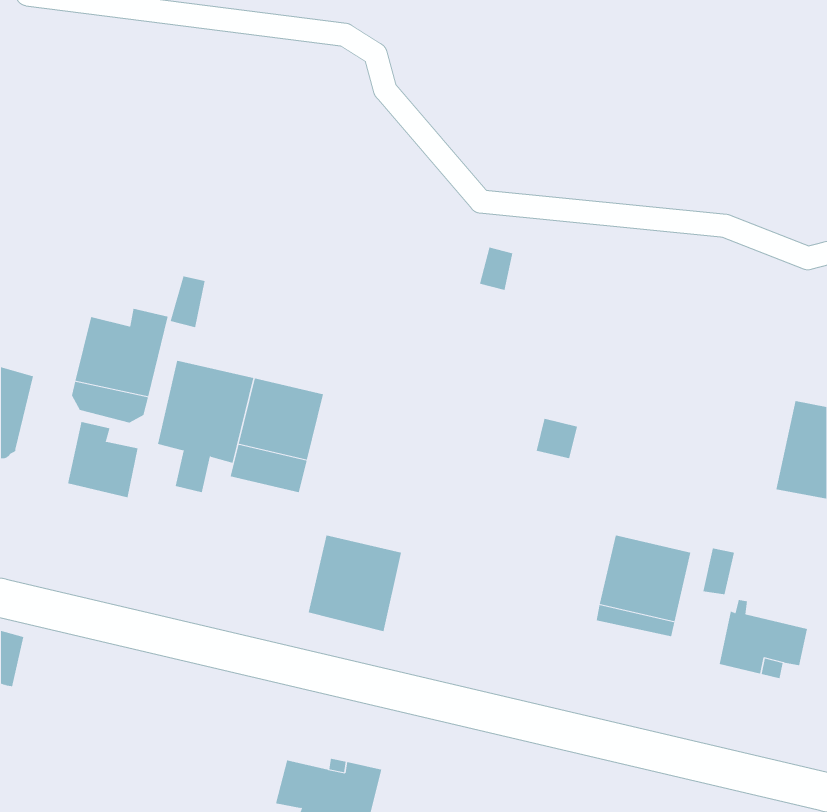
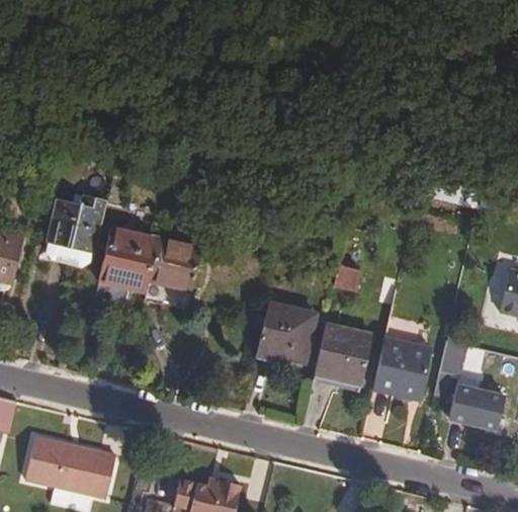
building: [68,421,138,498] -> none
building: none -> [315,324,372,383]
building: [308,535,402,632] -> [257,303,316,363]
building: none -> [25,436,116,497]

